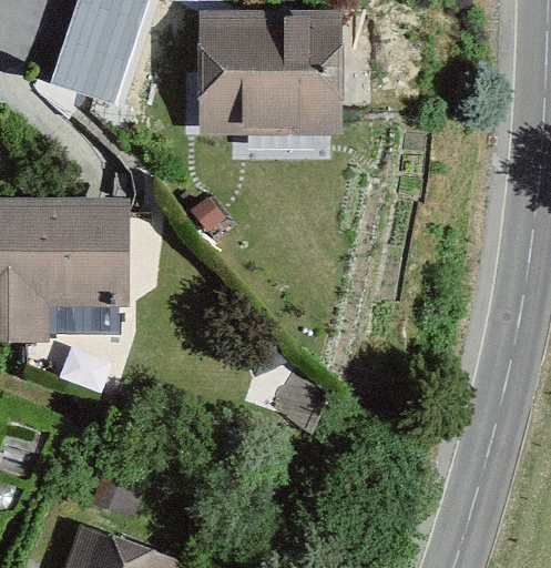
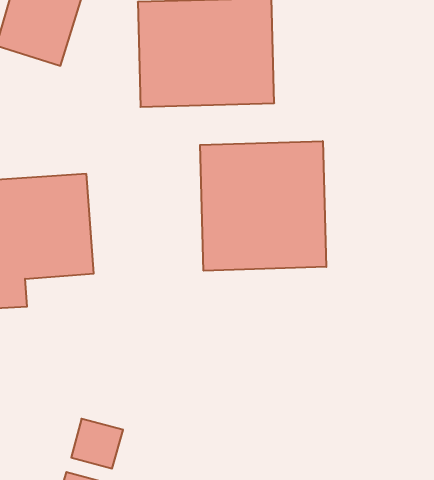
building: none -> [200,141,326,271]

